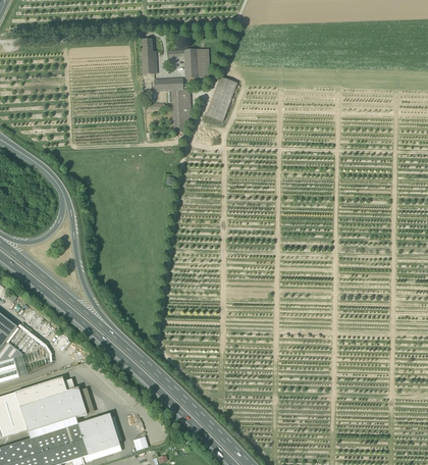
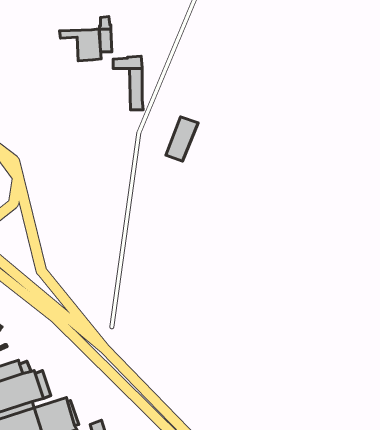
building: [168,47,209,79] -> [60,29,101,61]
building: [205,76,236,120] -> [166,117,198,161]

